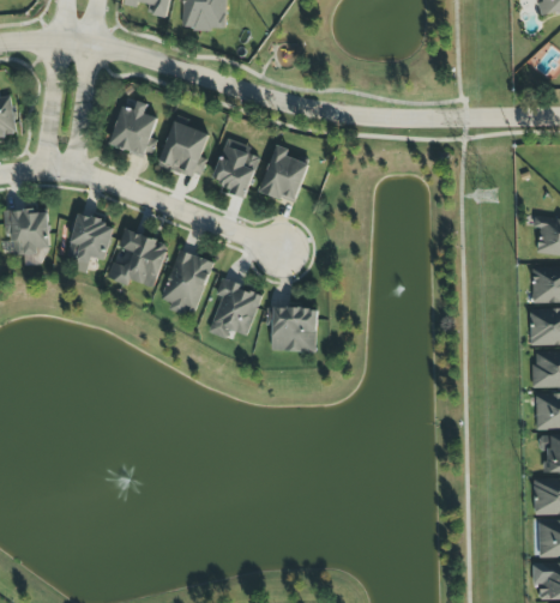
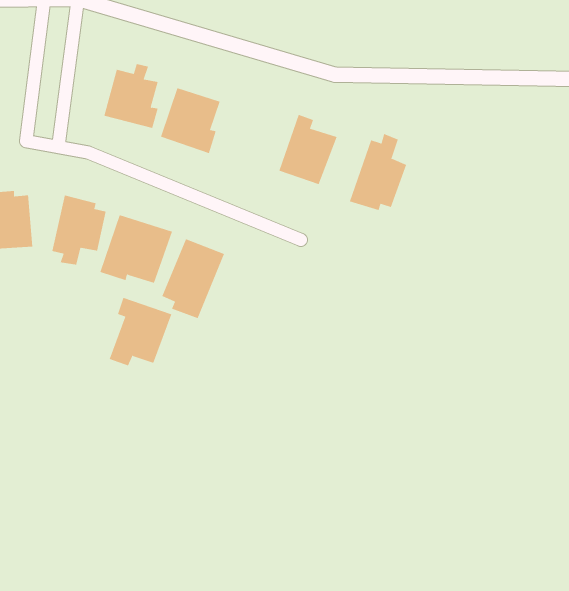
building: [215,138,259,197] -> none
building: none -> [349,133,407,211]
building: [209,279,263,338] -> [109,297,172,366]
building: [266,307,318,352] -> none

